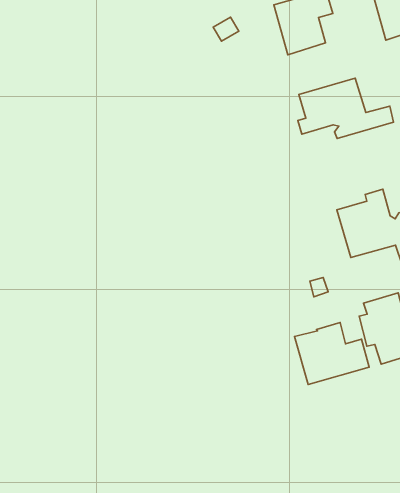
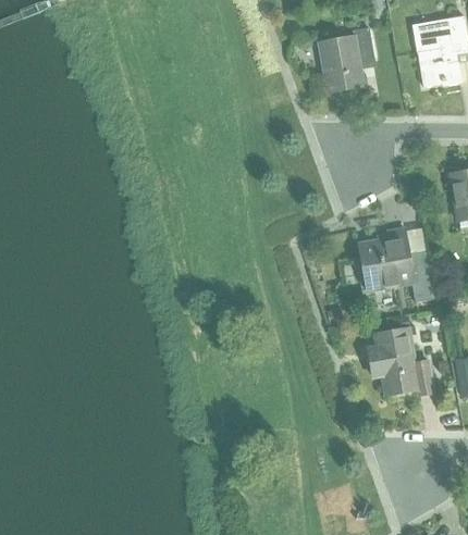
building: [298,78,394,139] -> none
building: [294,323,369,385] -> none

